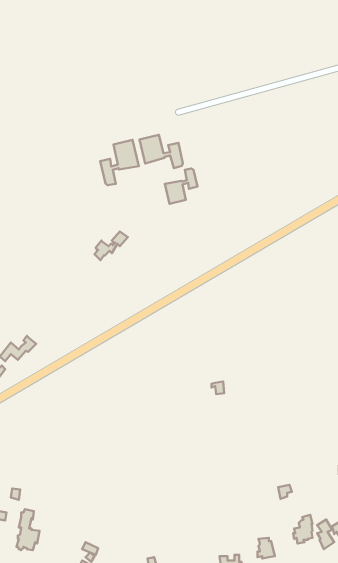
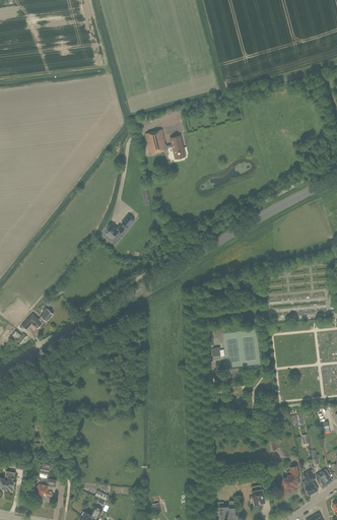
building: [100,140,139,185] -> none
building: [165,168,198,204] -> none

